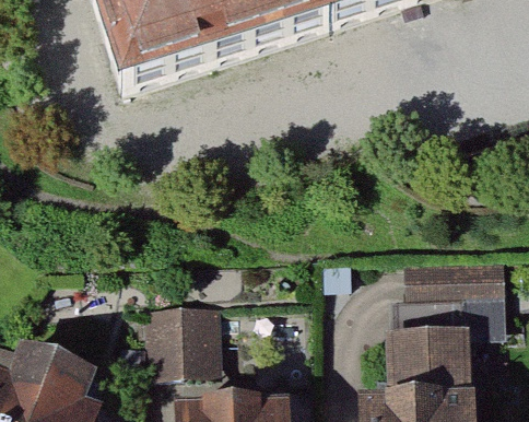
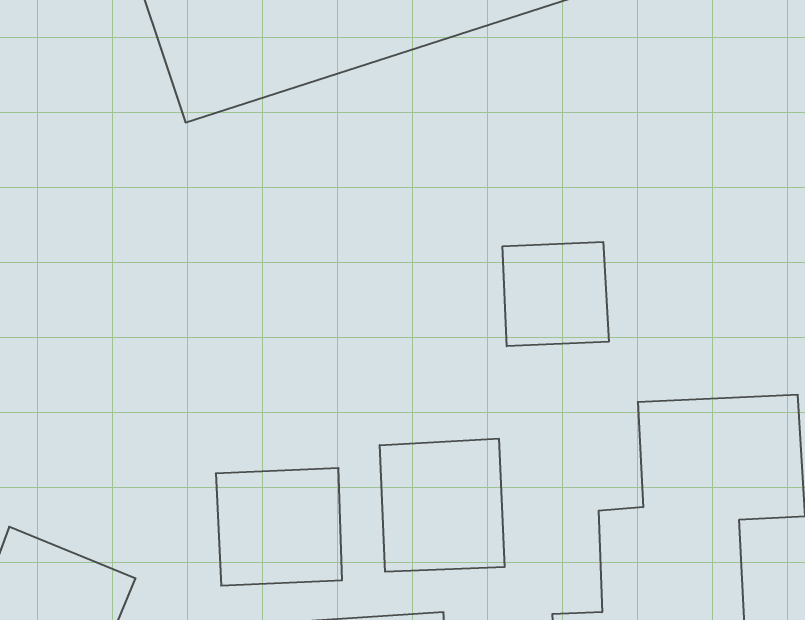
building: none -> [503,242,609,346]
building: none -> [380,439,505,572]

